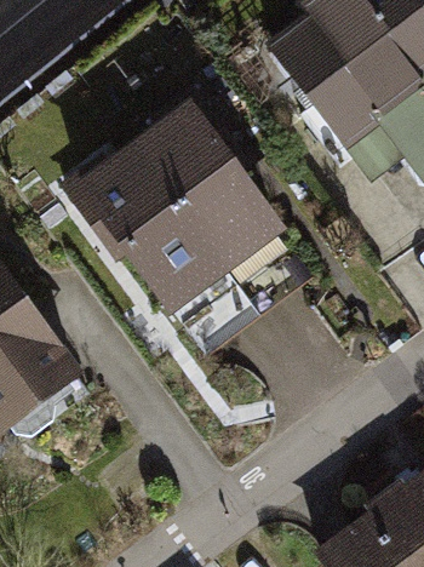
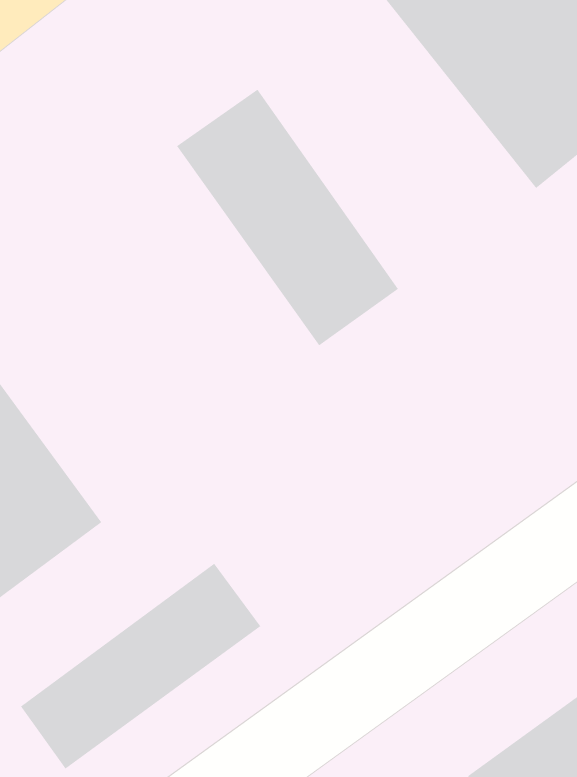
building: [75,139,227,311] -> none
building: none -> [20,563,261,769]

